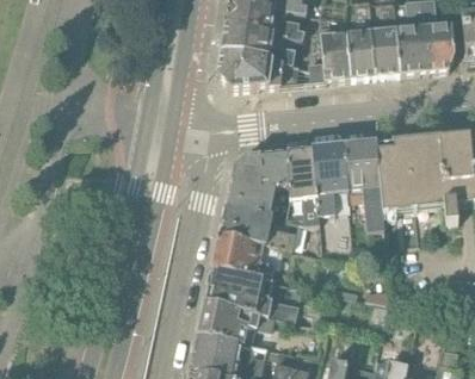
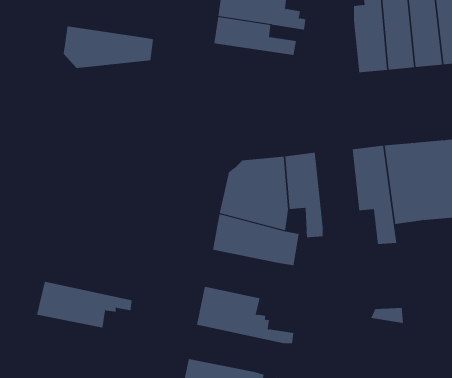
building: [308,31,350,81] -> none
building: [217,51,298,89] -> [63,26,154,69]
building: [311,145,351,215] -> none
building: [212,235,278,280] -> none
building: [198,302,284,343] -> [36,281,133,328]

